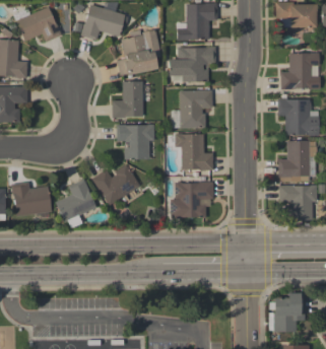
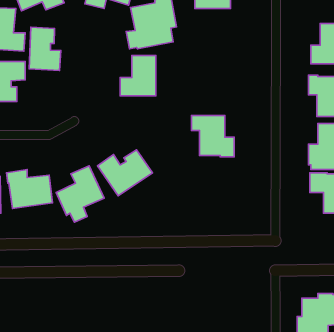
building: [169,48,215,82] -> none
building: none -> [29,27,61,70]
building: [180,90,212,128] -> none
building: [116,124,154,159] -> none
building: [171,182,213,218] -> none

